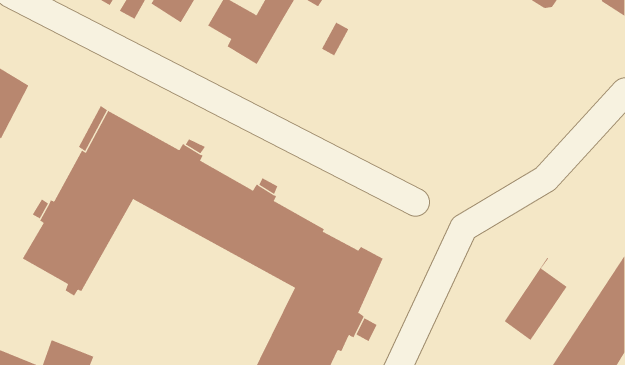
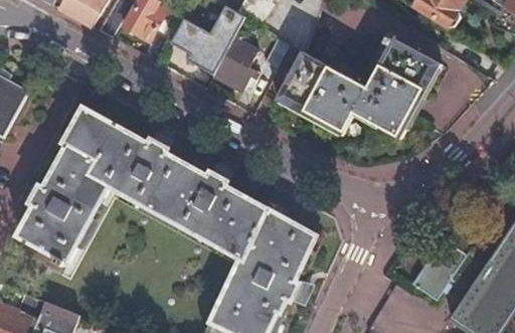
building: none -> [211,36,256,92]
building: none -> [274,37,442,138]

